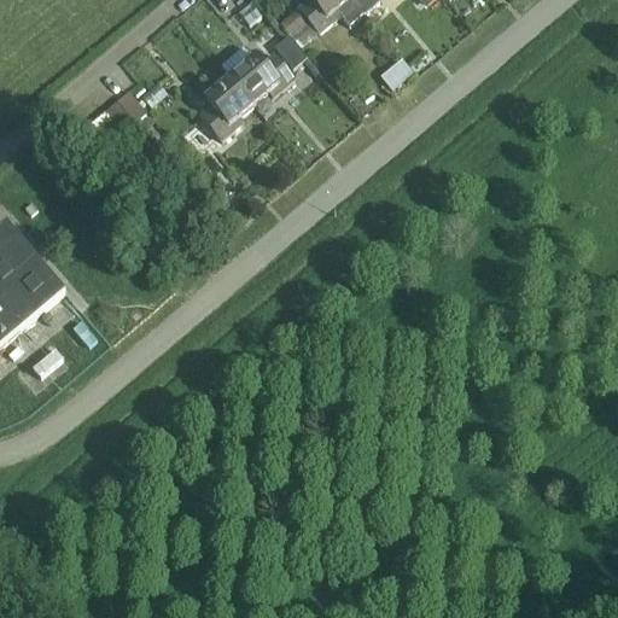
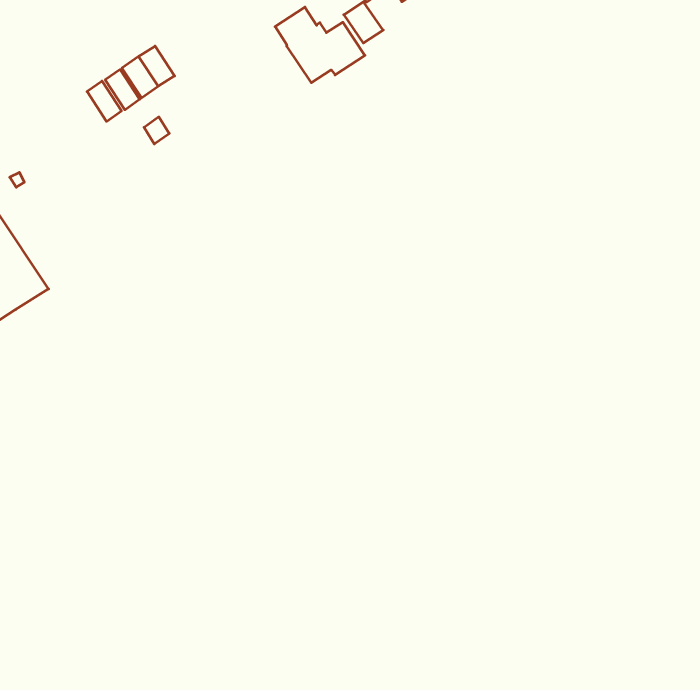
building: [199,76,253,139] -> none

